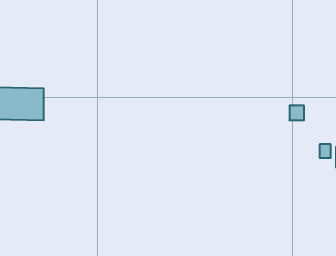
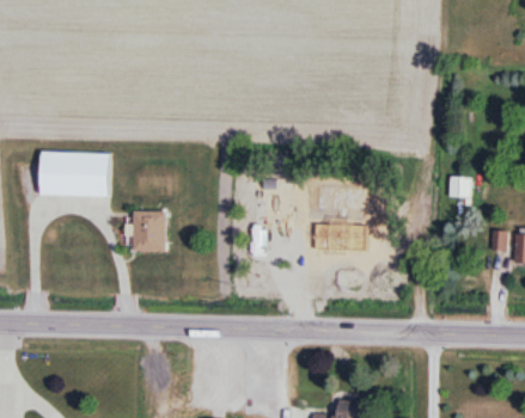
building: none -> [133,210,164,251]

